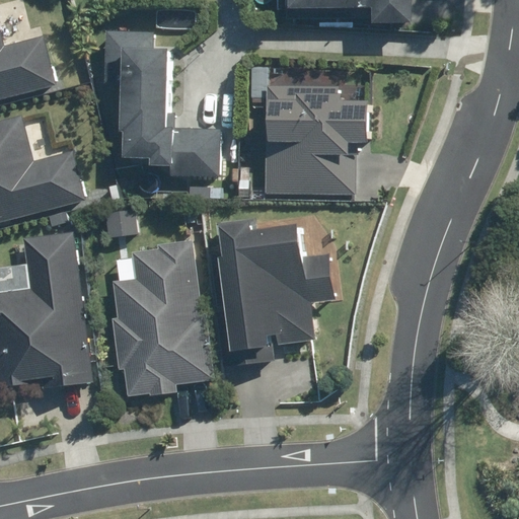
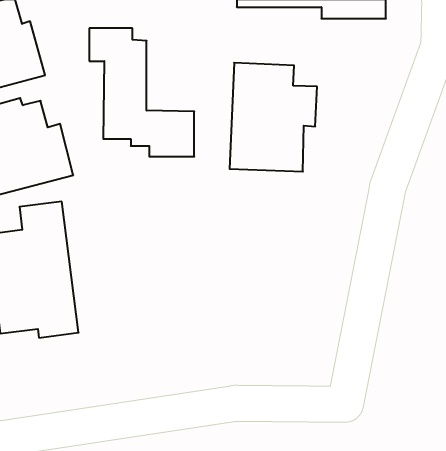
building: [222,221,330,363] -> none
building: [108,239,208,397] -> none

